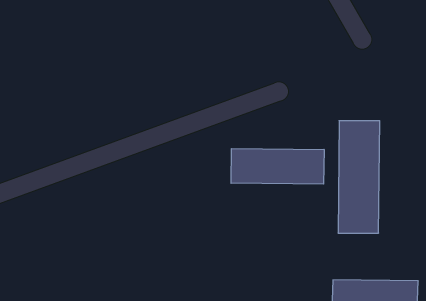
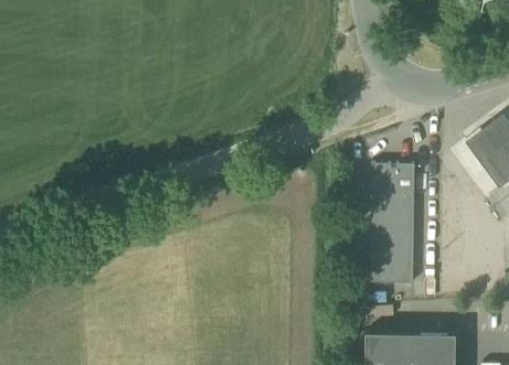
building: [231,149,324,184] -> none

